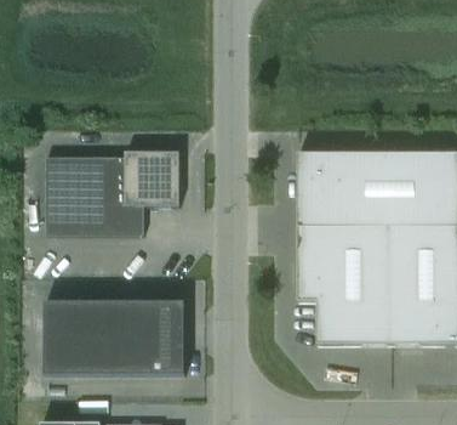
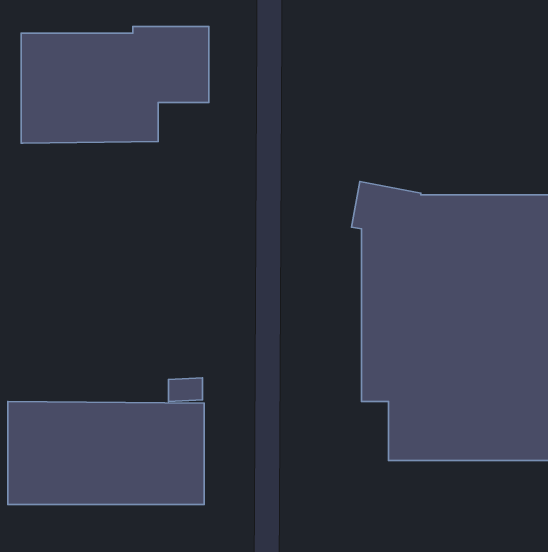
building: [45,153,179,237] -> [21,26,209,143]

